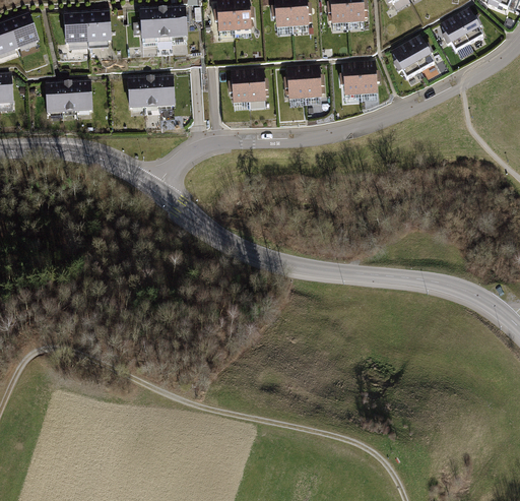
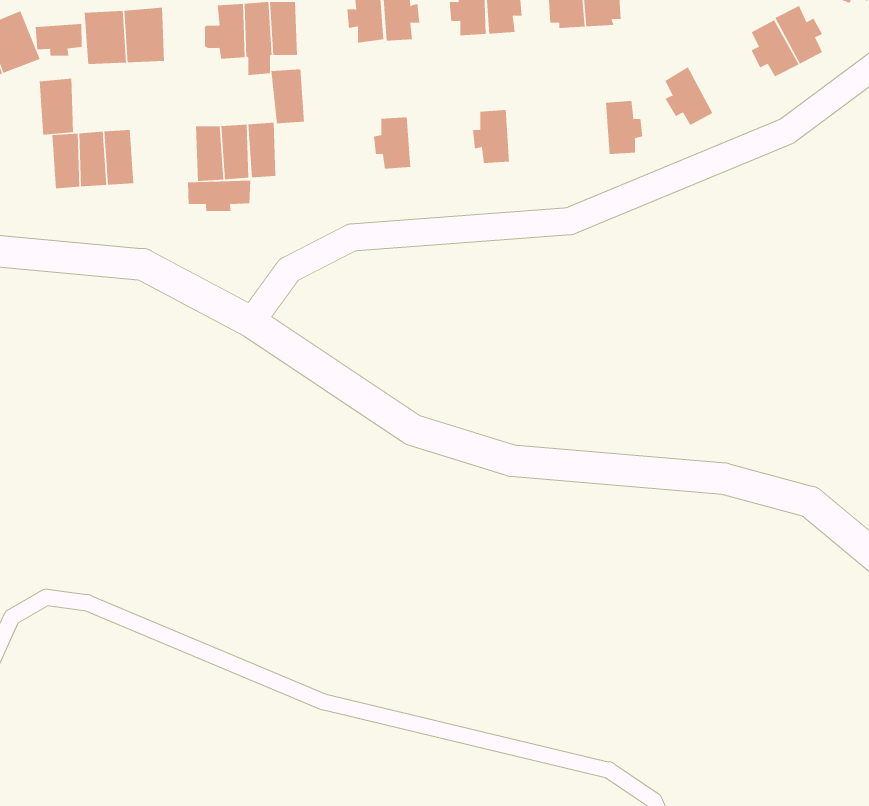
building: none -> [35,23,82,57]
building: [405,39,434,72] -> none
building: none -> [271,69,304,124]
building: none -> [39,78,73,136]
building: [339,66,361,97] -> none
building: [303,69,324,99] -> none
building: [247,73,268,103] -> none
building: none -> [187,180,251,212]

